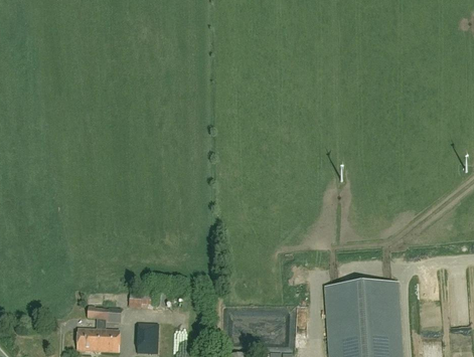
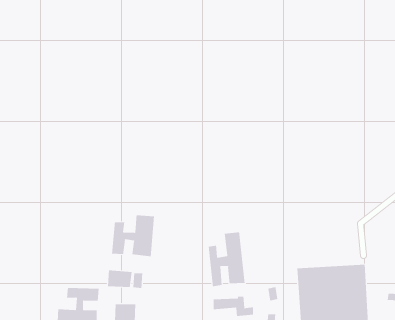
building: none -> [112,214,154,257]
building: none -> [208,231,245,287]

